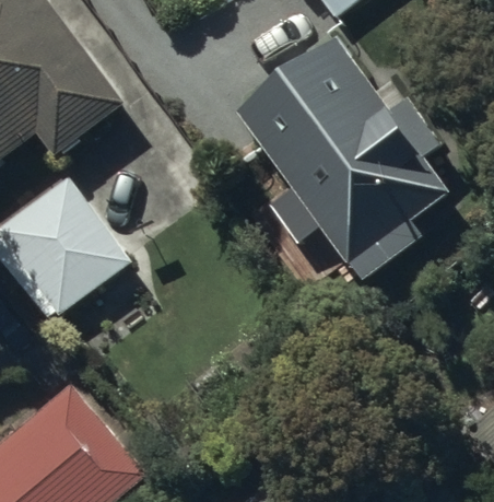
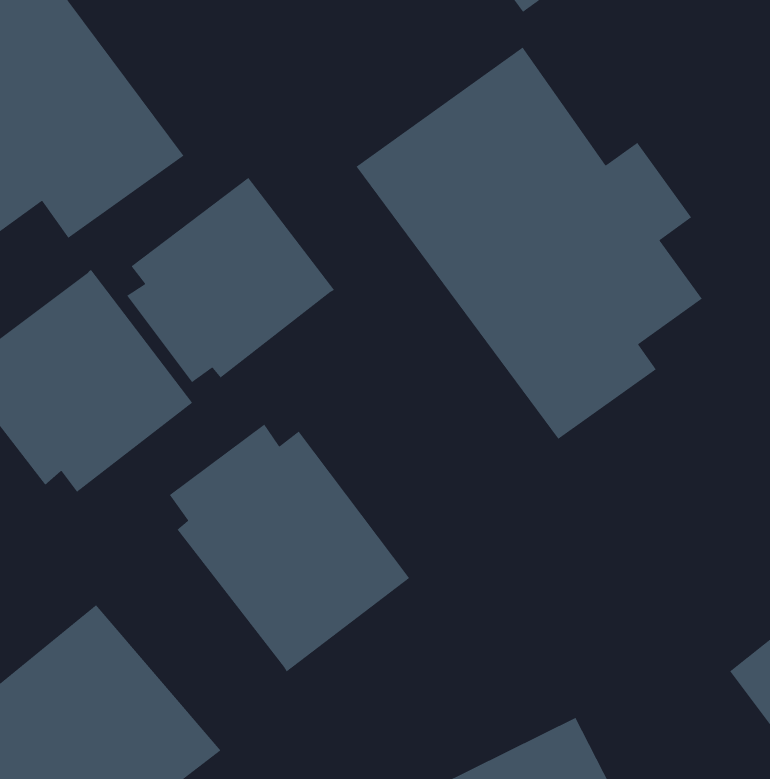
building: none -> [126,177,335,383]
building: none -> [169,423,410,673]

